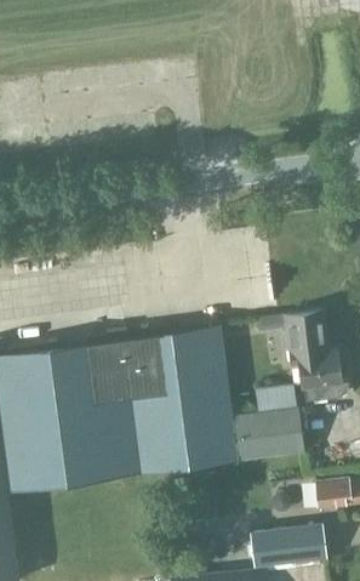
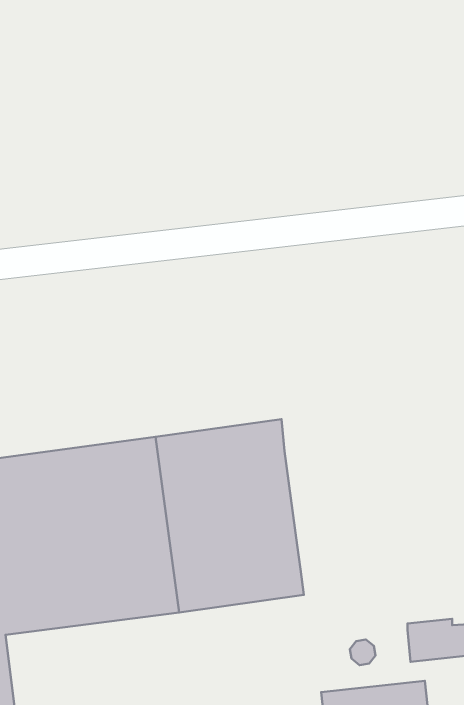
building: [284,309,349,403] -> none
building: [230,385,302,460] -> none

